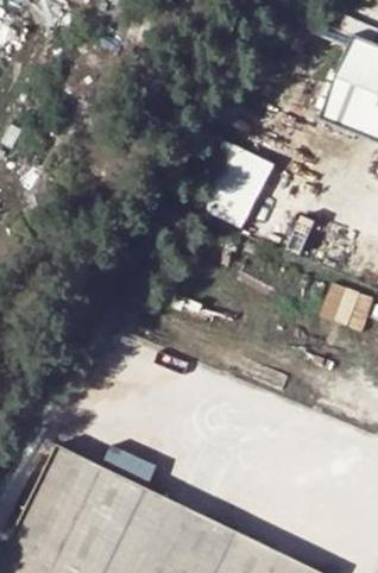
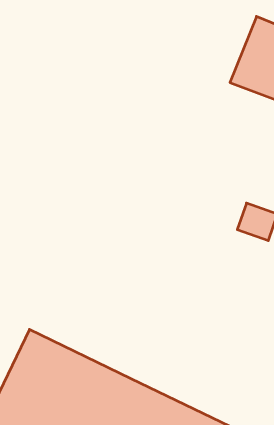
building: [199,139,281,228] -> none

